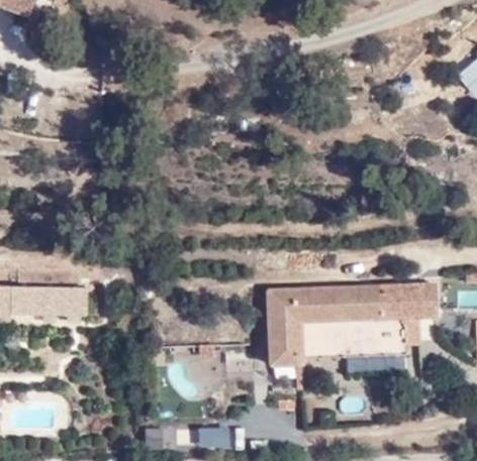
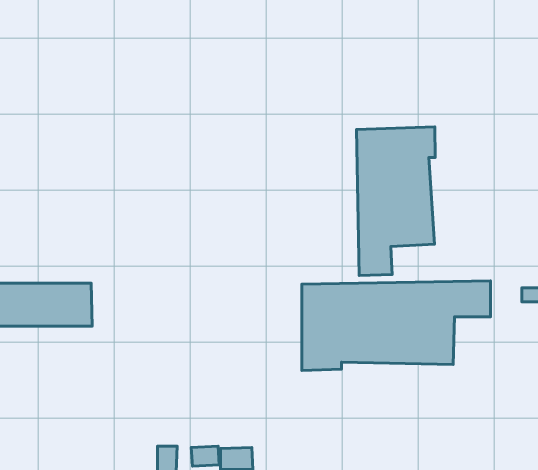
building: none -> [356,127,435,276]

